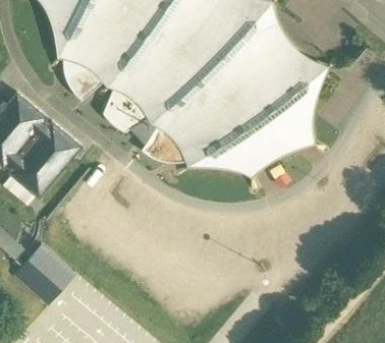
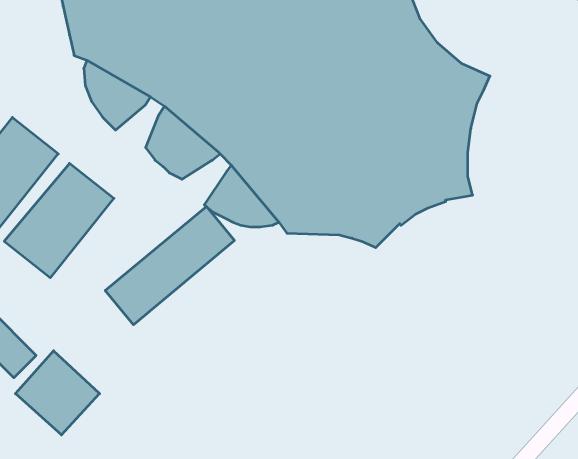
building: none -> [105,206,234,325]

